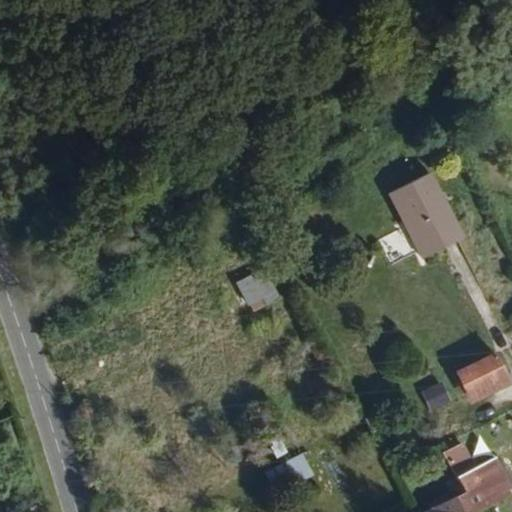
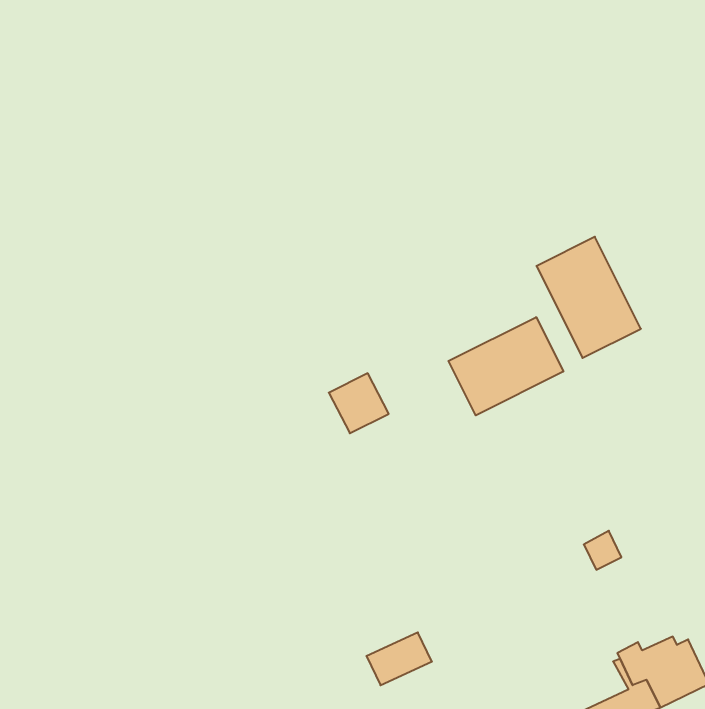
building: none -> [448,317,563,415]
building: [445,353,501,404] -> none

